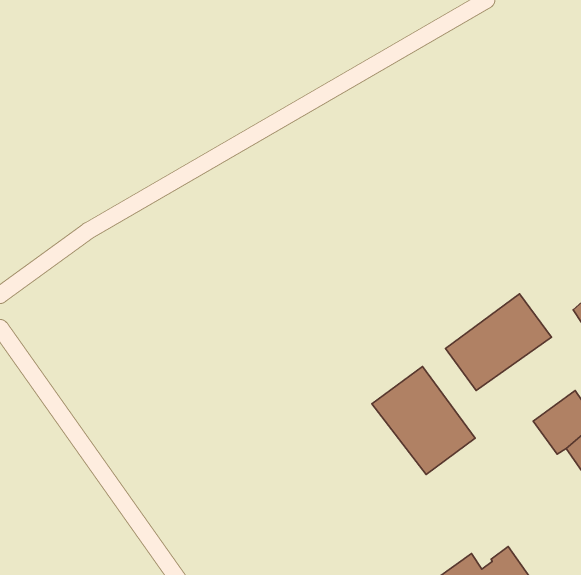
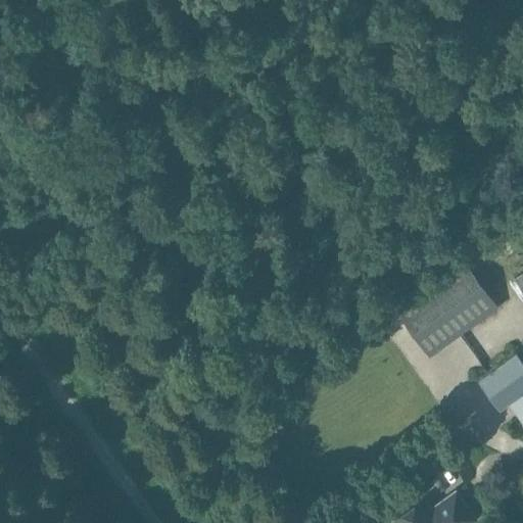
building: [372,367,475,474] -> none

